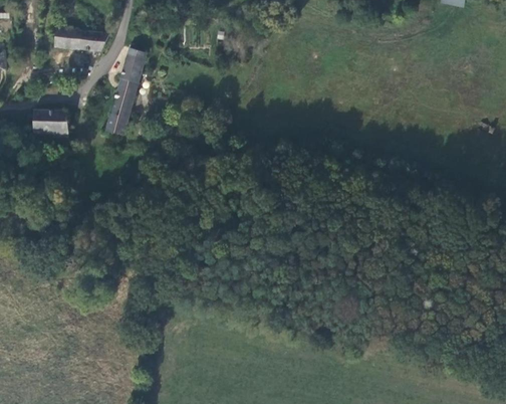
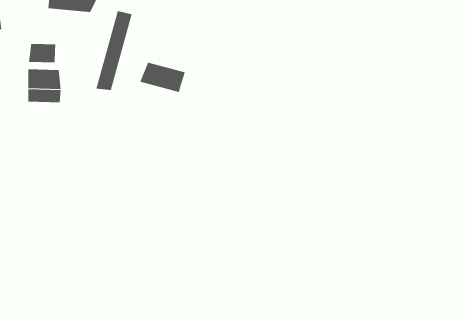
building: none -> [29,43,56,63]
building: none -> [139,62,185,93]

